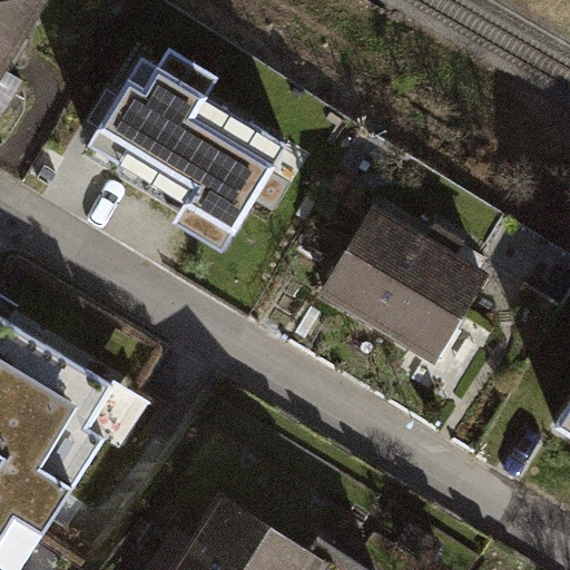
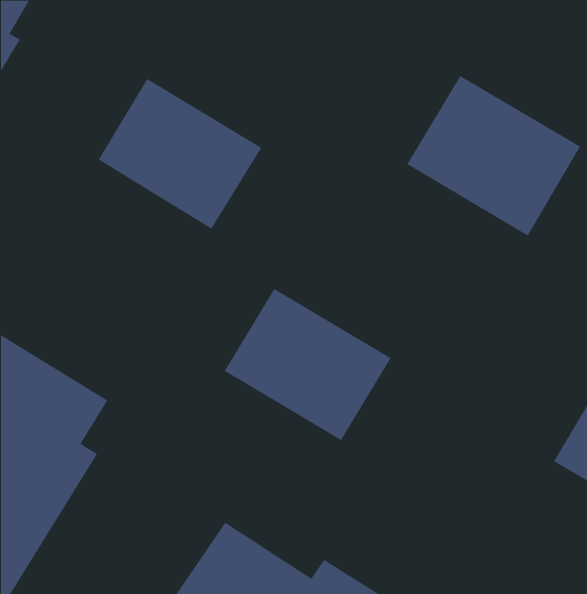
building: none -> [407,75,581,237]
building: [323,210,483,356] -> [224,288,392,441]

